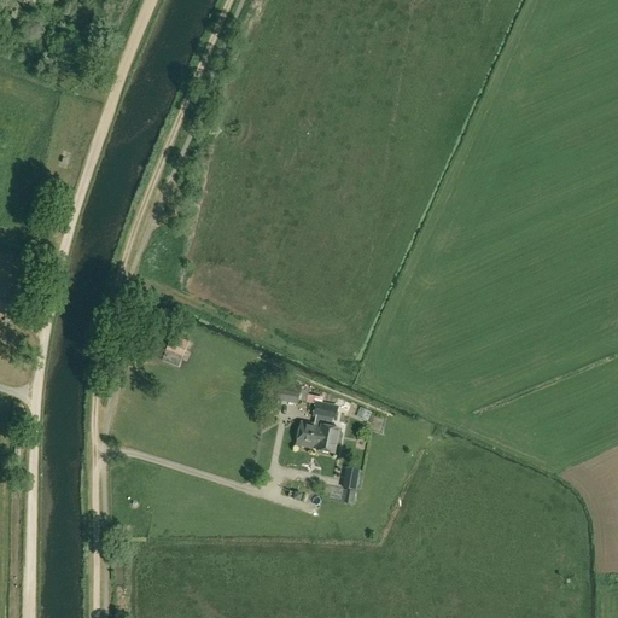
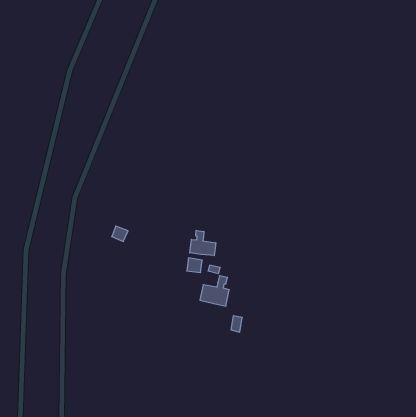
building: none -> [190,230,216,256]

